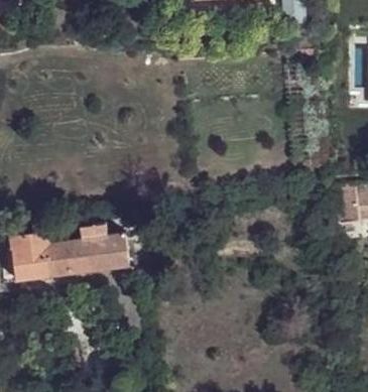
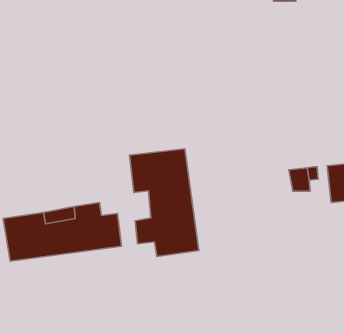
building: none -> [129,149,199,257]

